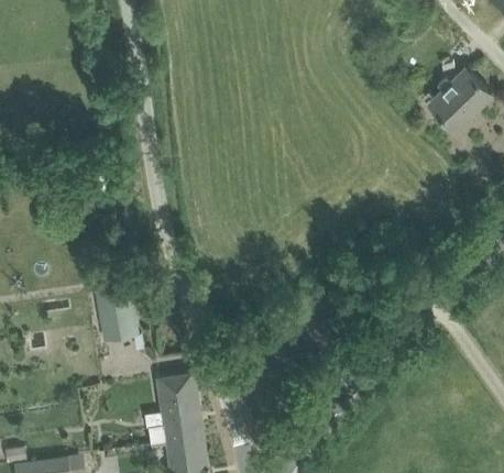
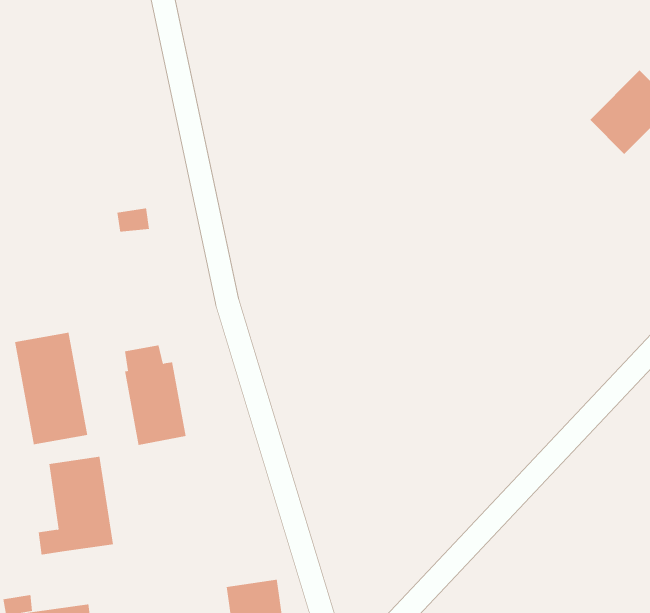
building: none -> [14,332,88,445]
building: [149,374,204,446] -> [38,456,114,555]

